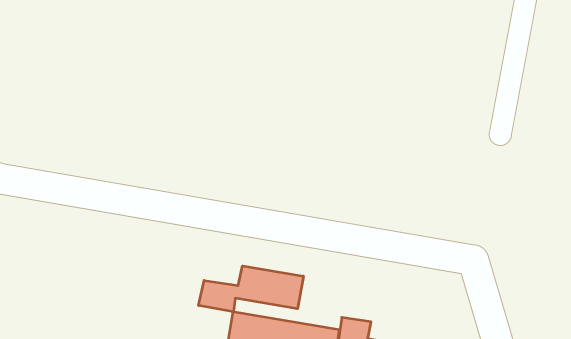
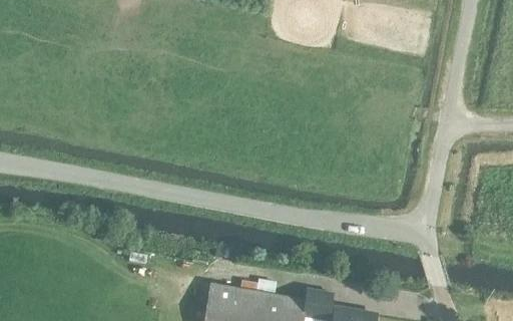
building: [199,266,303,312] -> none

